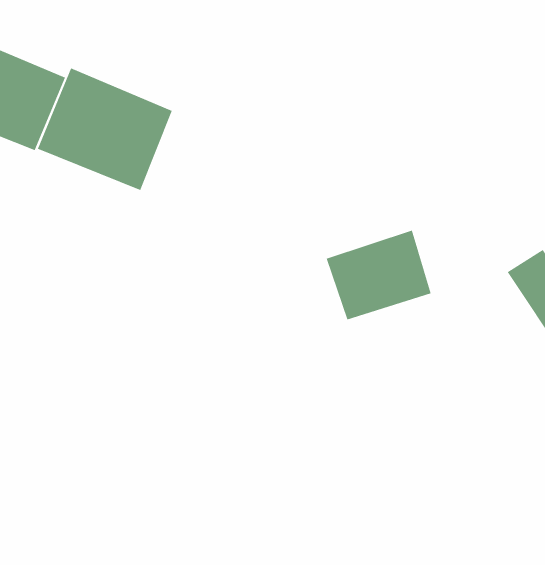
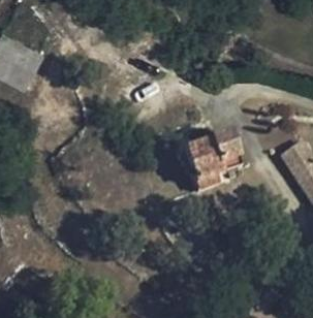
building: [37,68,172,191] -> none

